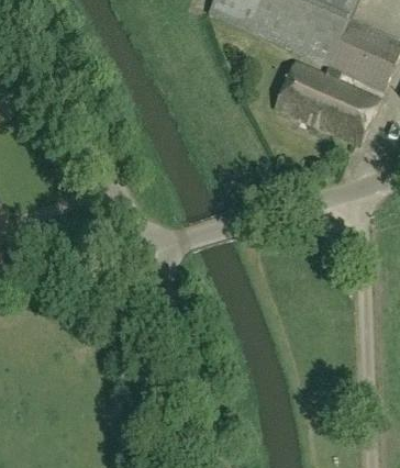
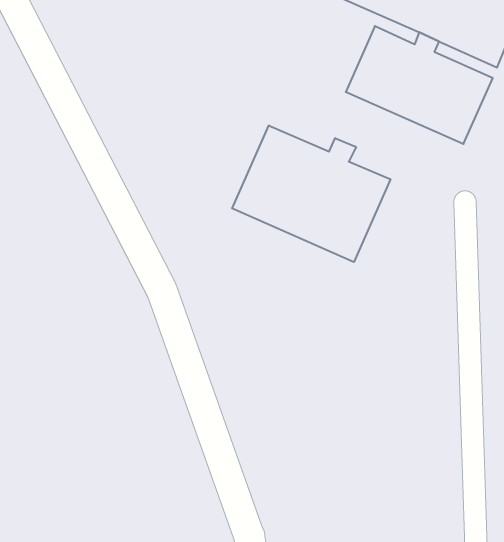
building: none -> [232,125,390,262]

